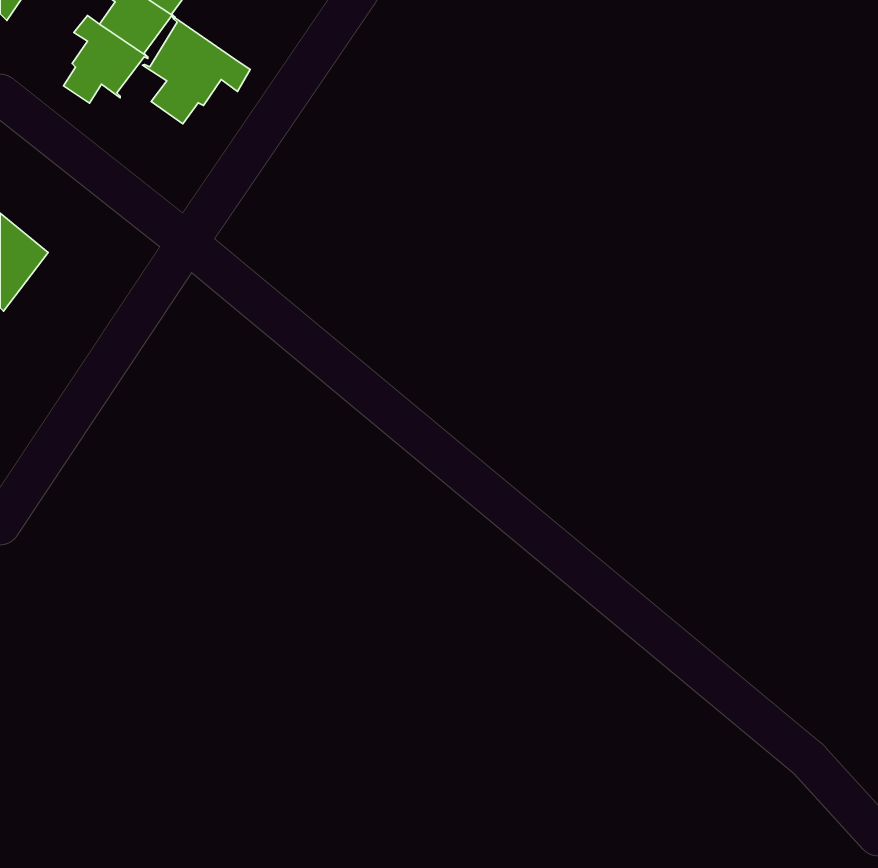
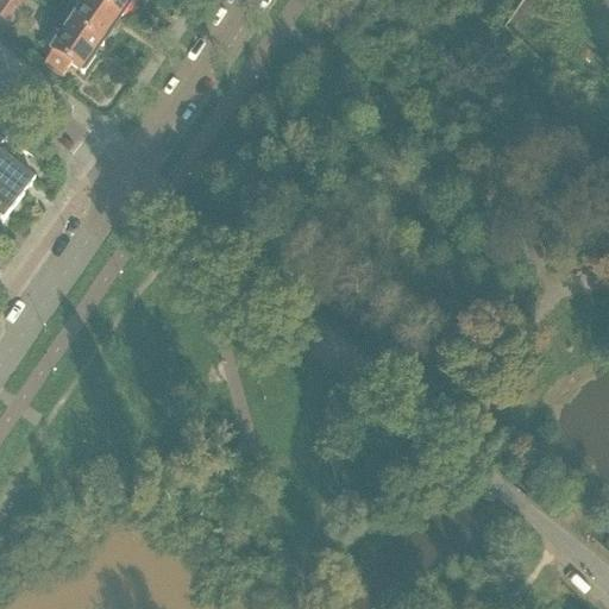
building: [142,18,250,124] -> none

